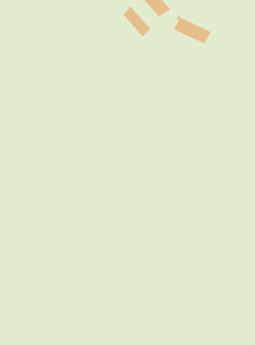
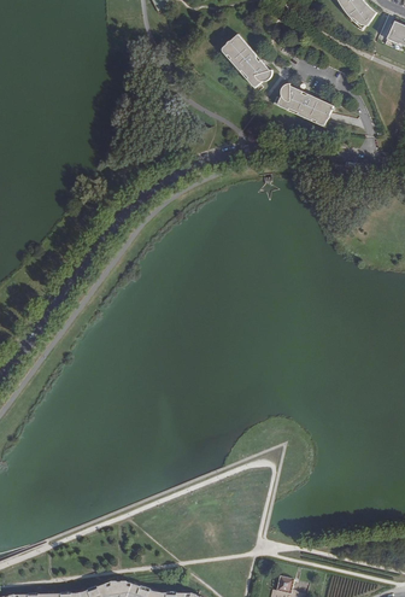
building: [123,6,151,37] -> none

